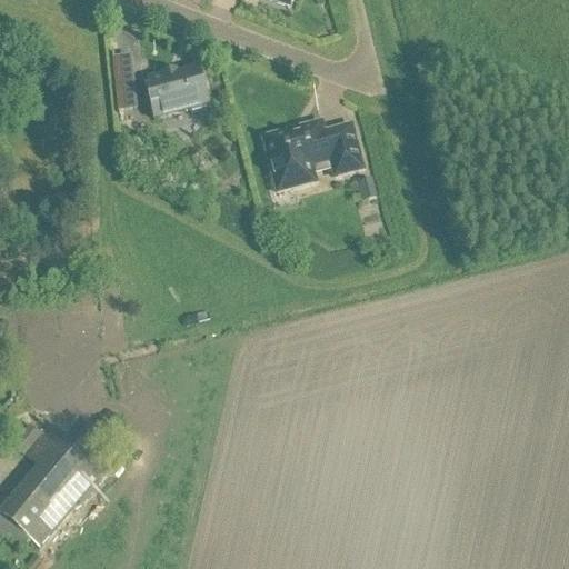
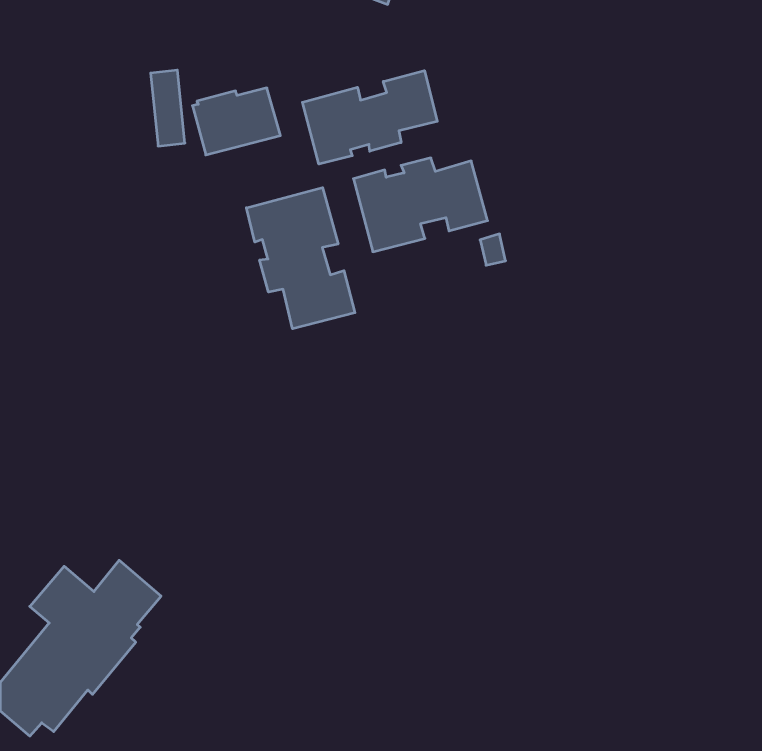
building: none -> [302,71,437,164]
building: none -> [246,188,355,329]

